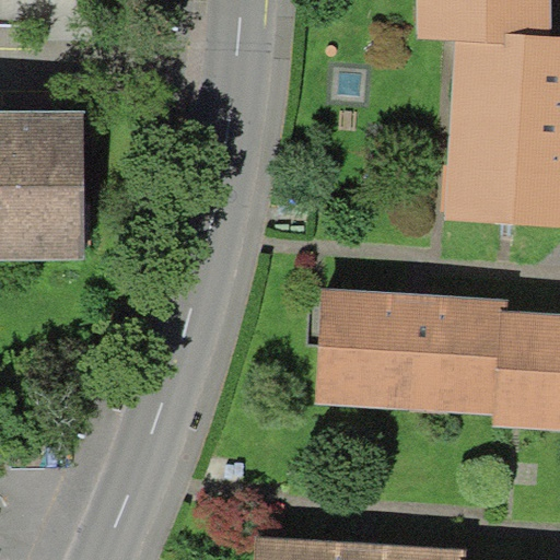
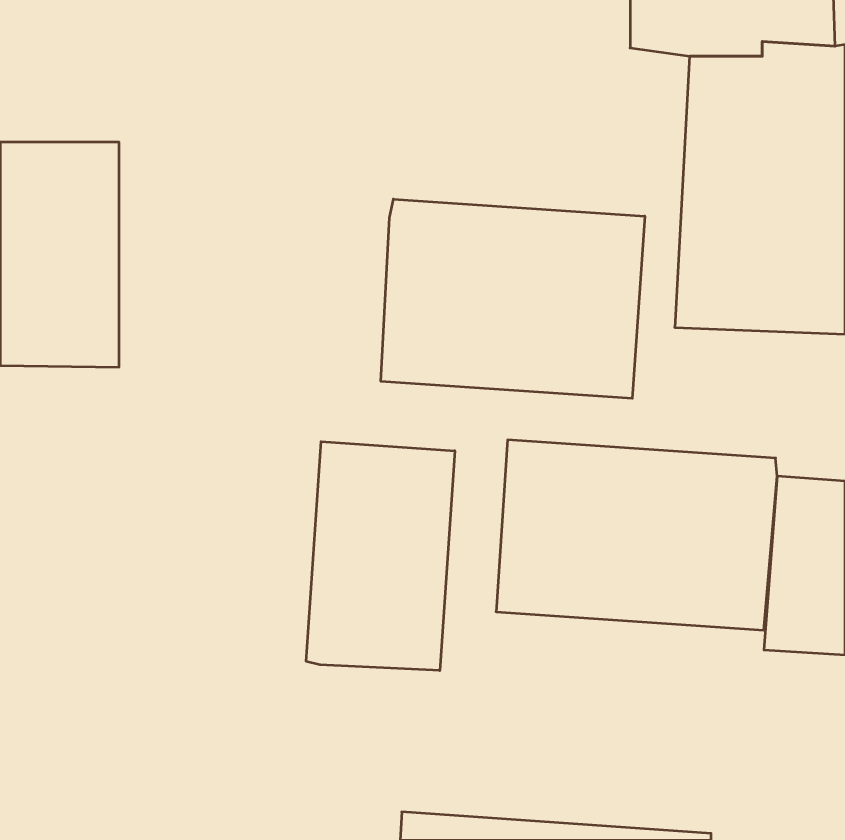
building: none -> [381,199,645,398]
building: none -> [306,442,455,671]

